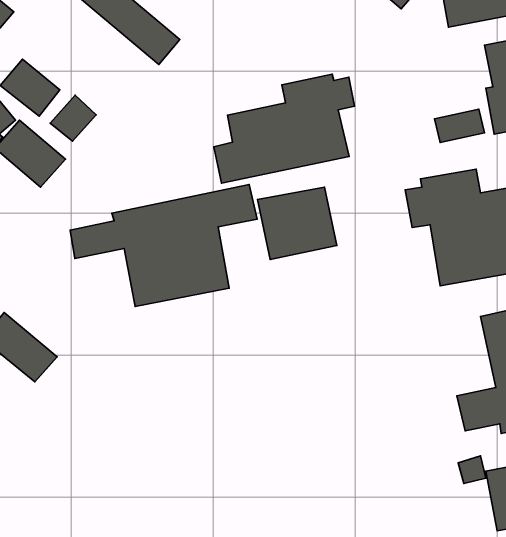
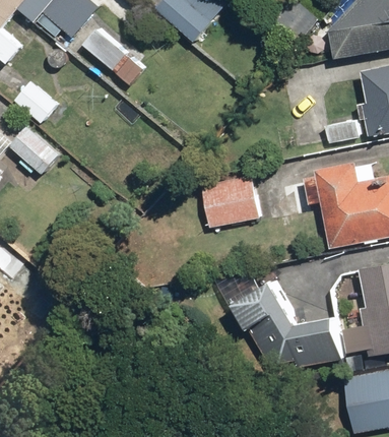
building: [214,74,355,183] -> none
building: [70,184,257,306] -> none
building: none -> [224,273,342,367]

